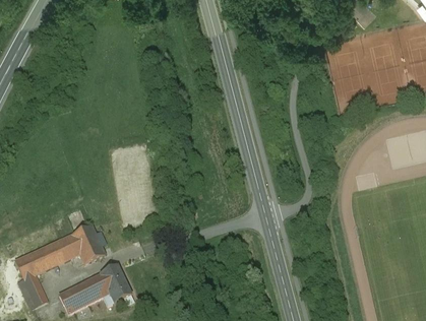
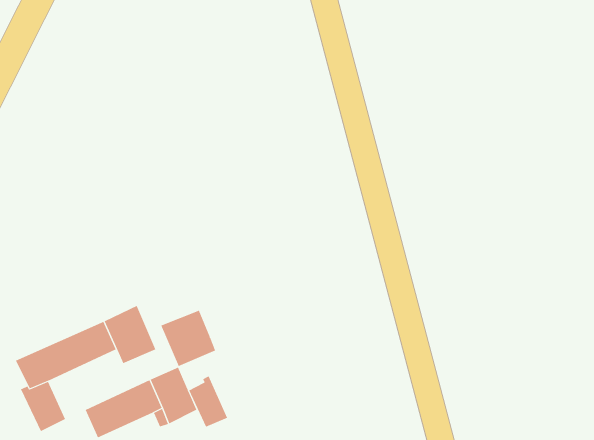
building: none -> [160,310,216,367]
building: none -> [189,375,228,428]

